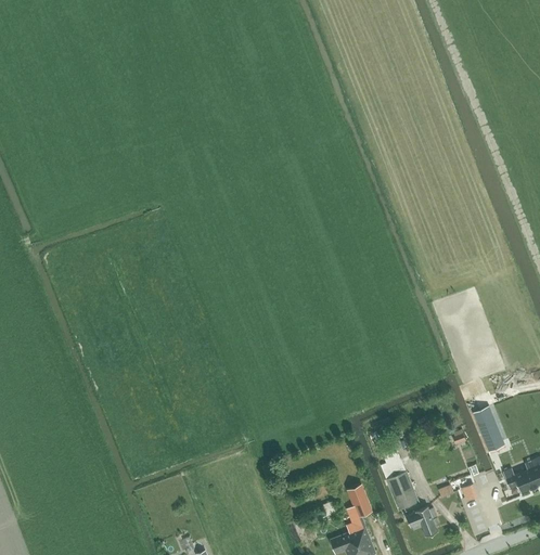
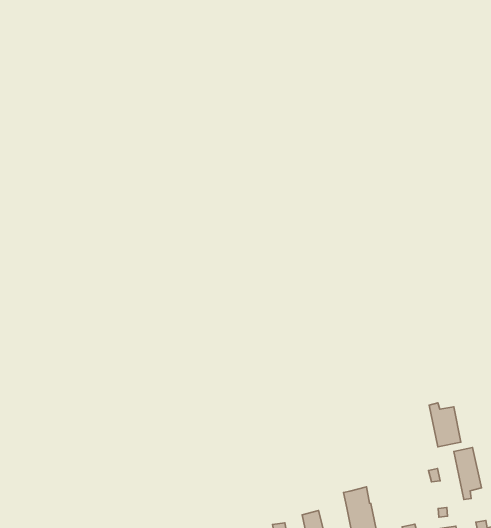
building: none -> [429,403,461,447]

